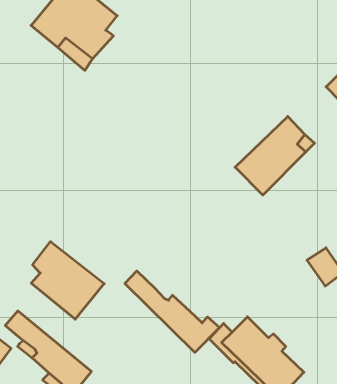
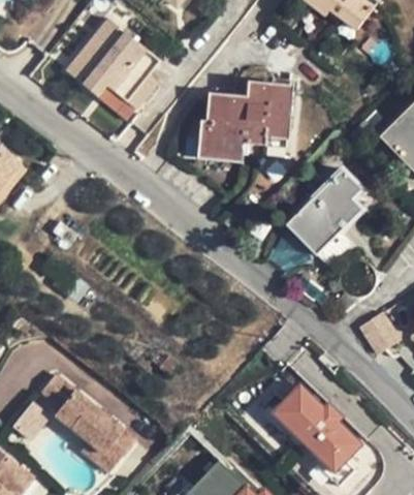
building: none -> [205,83,291,153]
building: [31,242,104,319] -> none
building: [125,271,220,352] -> none

